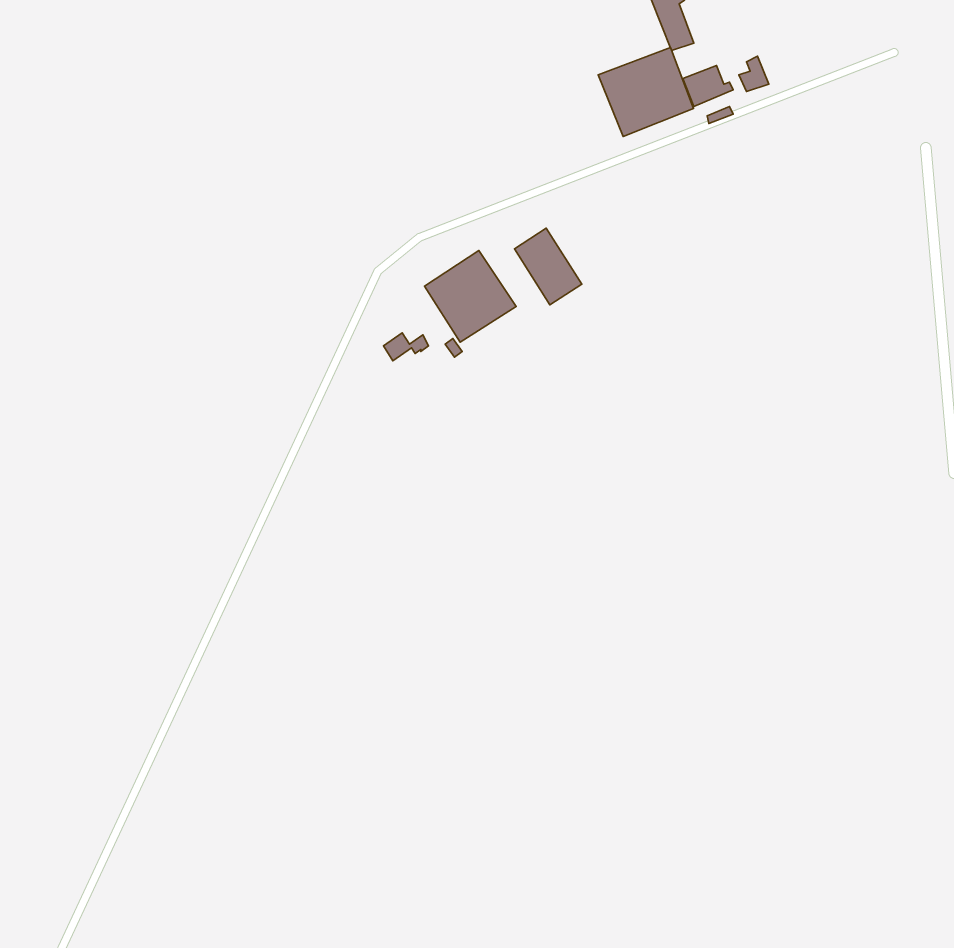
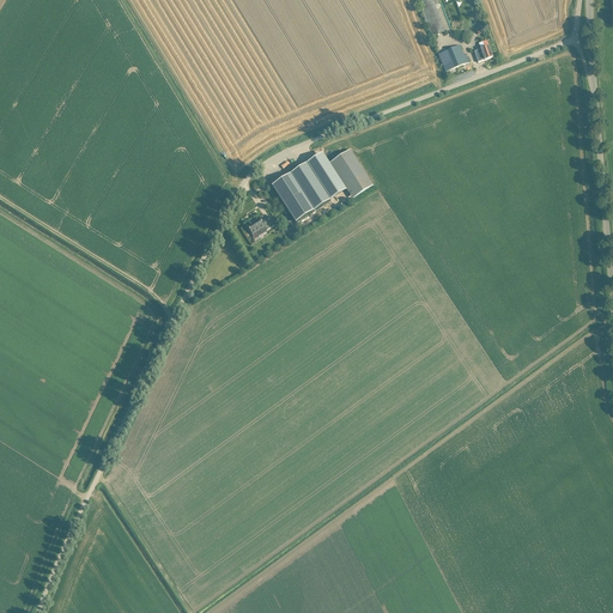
building: [598,48,694,137] -> none
building: none -> [306,150,346,196]

